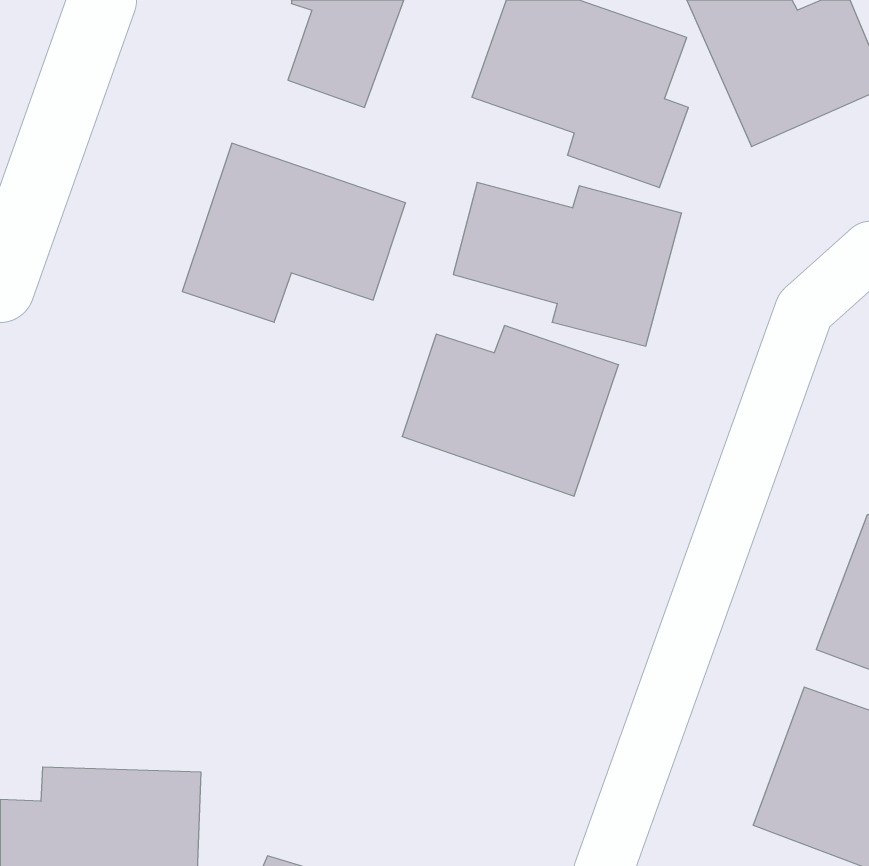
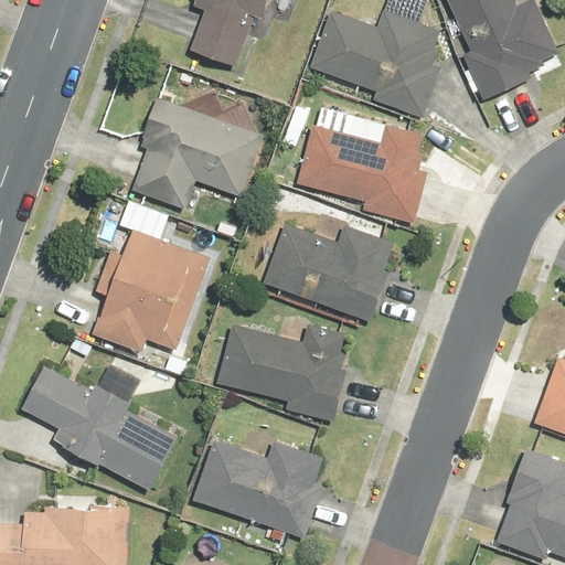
building: none -> [87,226,216,353]
building: none -> [213,302,358,422]
building: none -> [20,360,183,494]
building: none -> [190,420,330,539]

